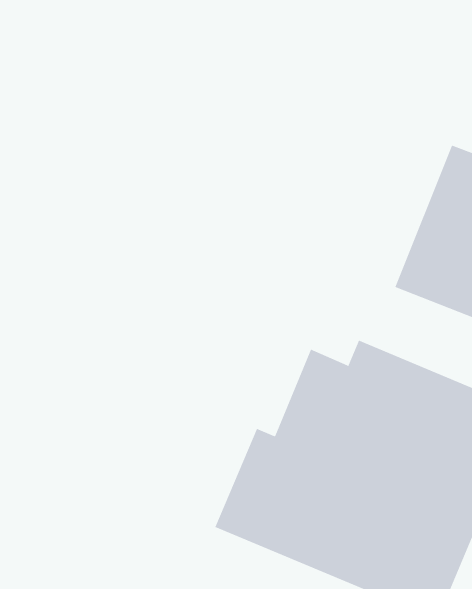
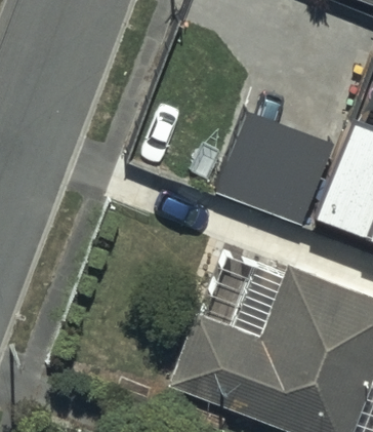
building: none -> [214,113,332,230]

